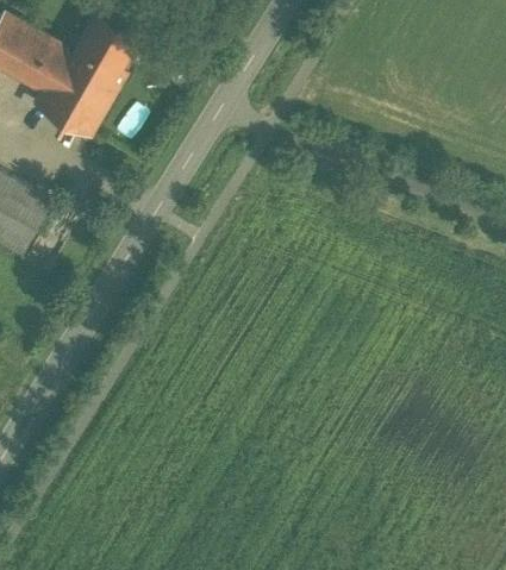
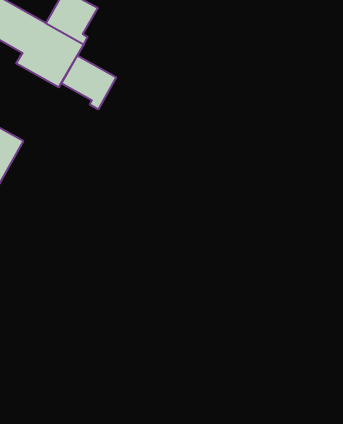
building: none -> [62,55,116,109]

